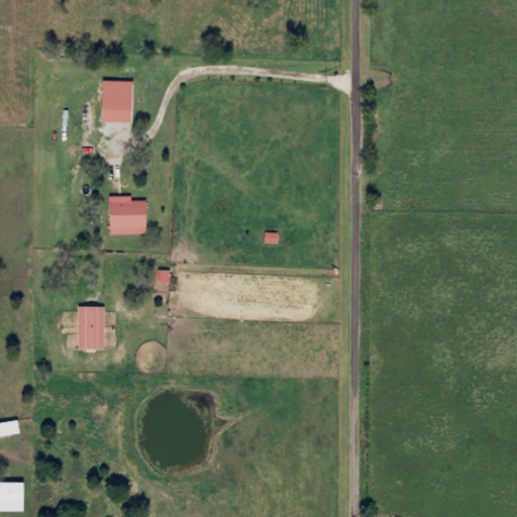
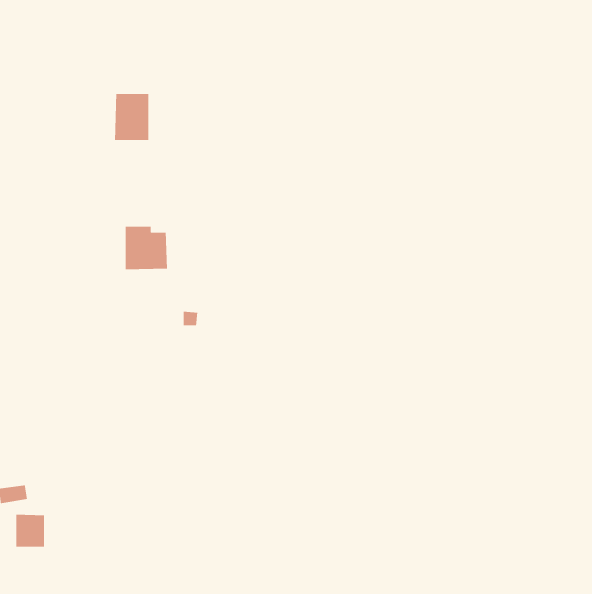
building: [77,306,103,349] -> none
building: [4,482,29,511] -> [16,514,45,548]

